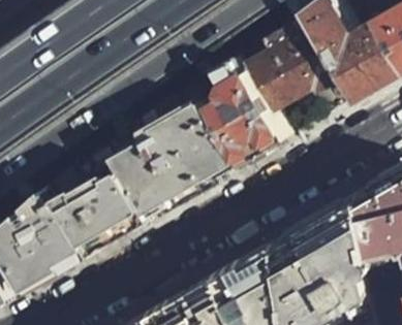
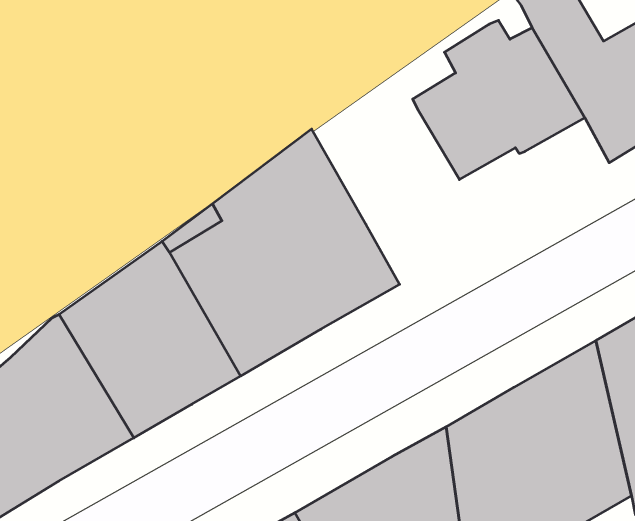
building: [211,63,288,169] -> none

